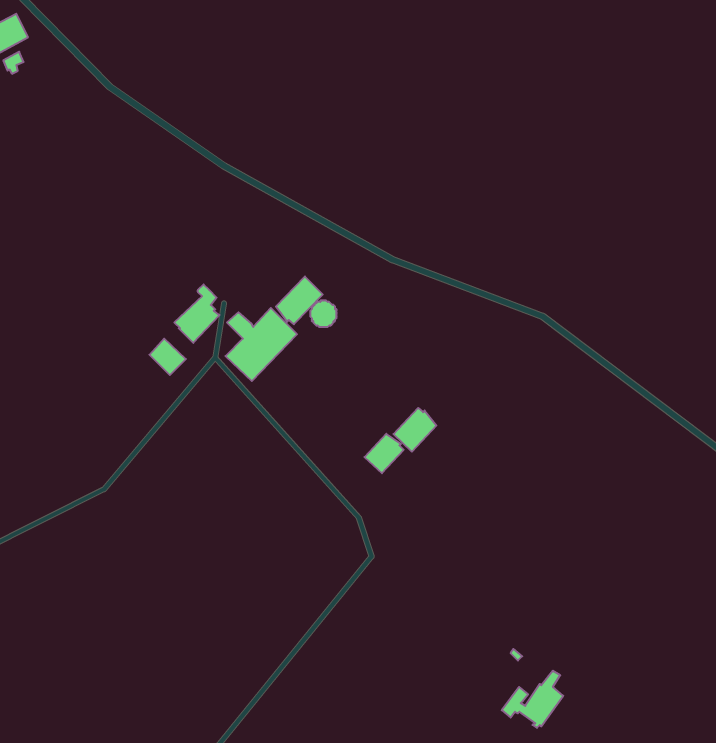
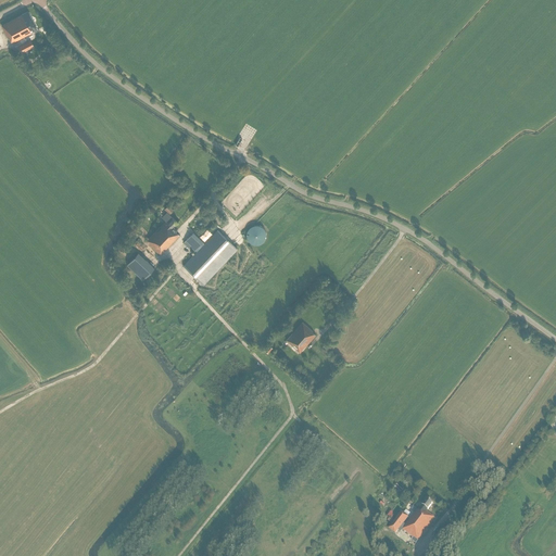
building: [276,276,323,324] -> none
building: [393,408,436,452] -> none

